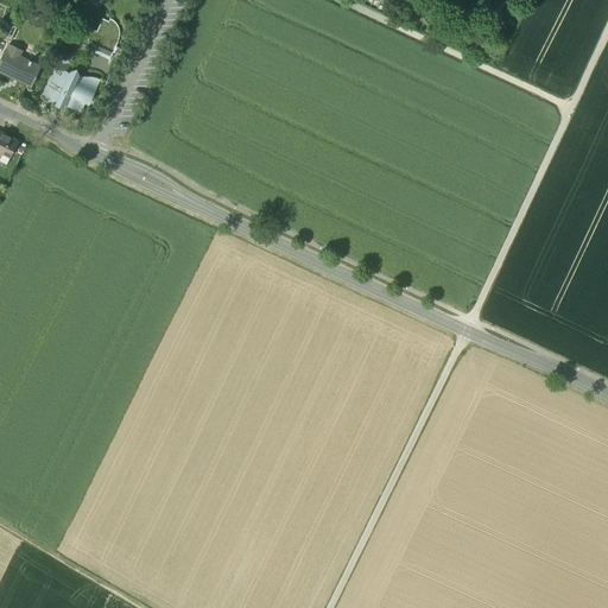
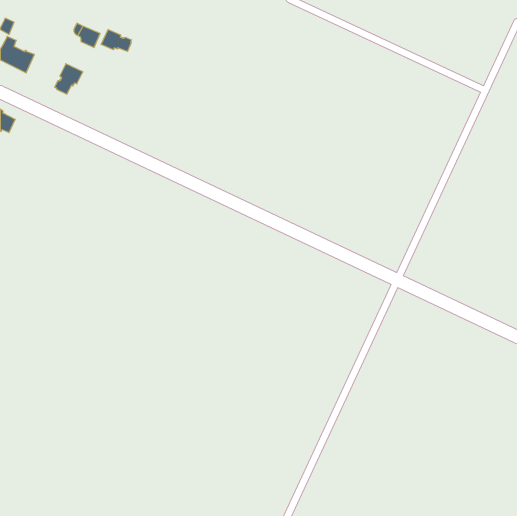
building: none -> [101,30,131,51]
building: [43,68,77,107] -> none

